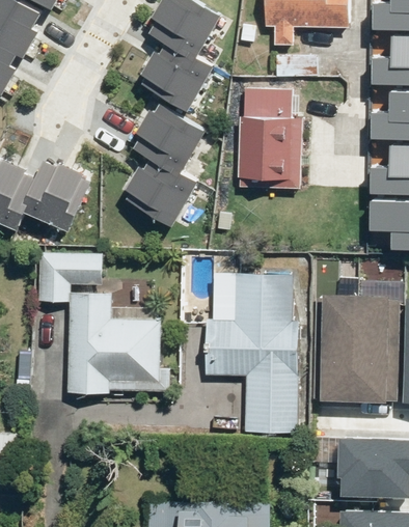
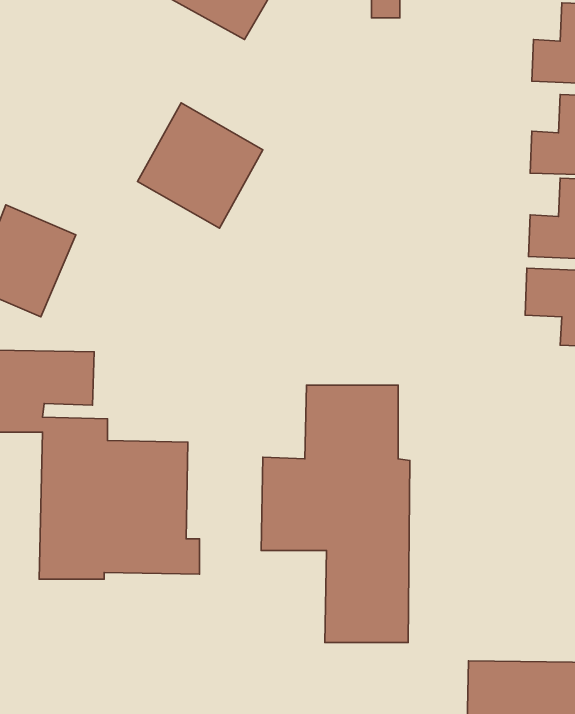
building: [139,46,211,111] -> none
building: [234,87,300,189] -> none
building: [122,160,195,226] -> none
building: [318,290,391,400] -> none

